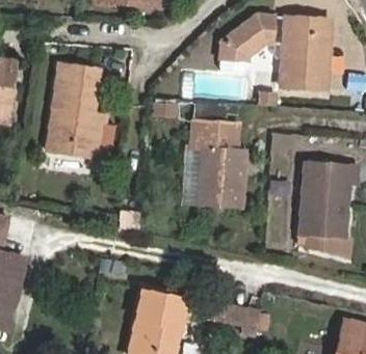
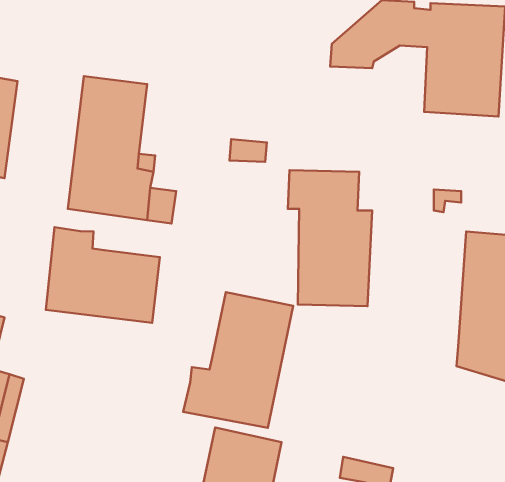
building: none -> [46,227,160,323]
building: none -> [183,292,293,428]

